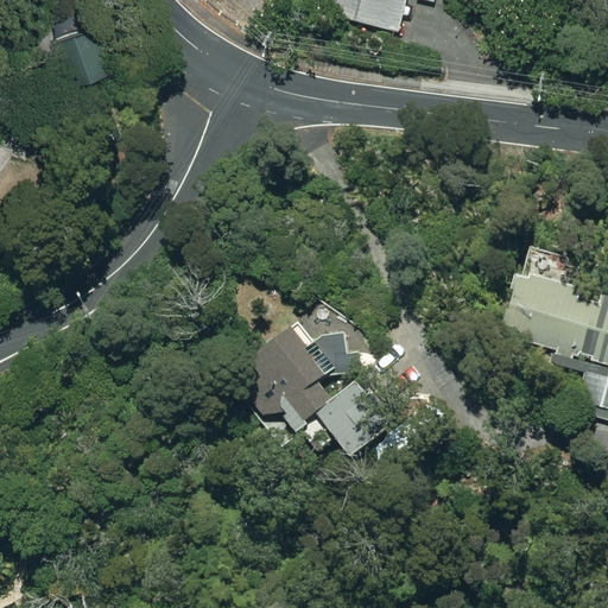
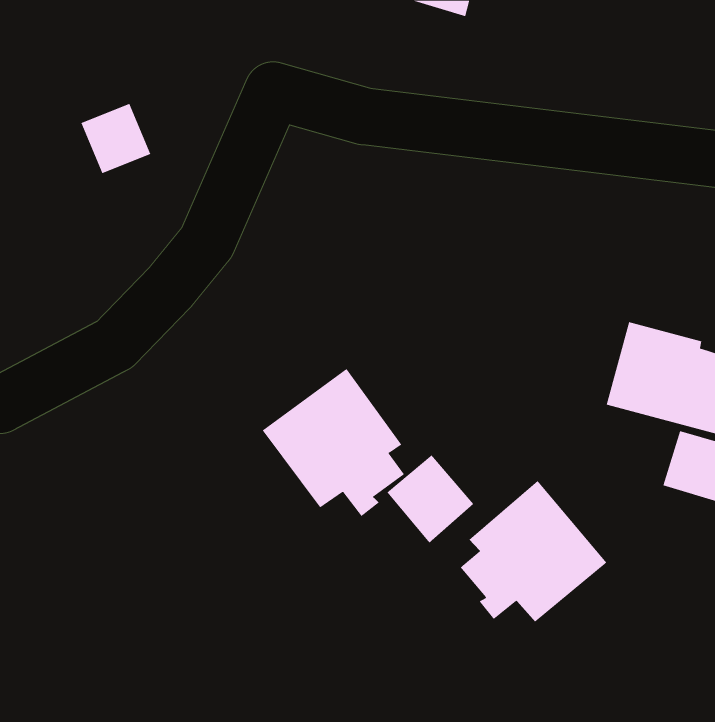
building: [51,26,110,86] -> [80,103,151,174]
building: none -> [460,480,607,623]

